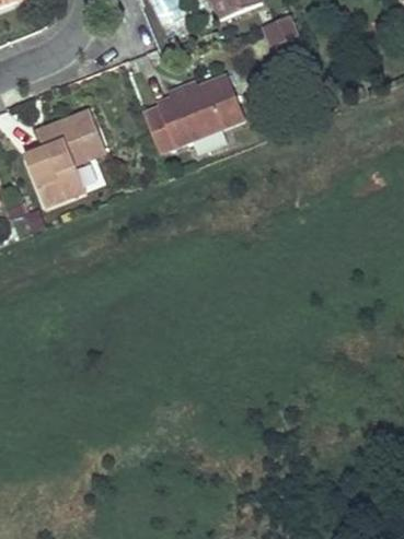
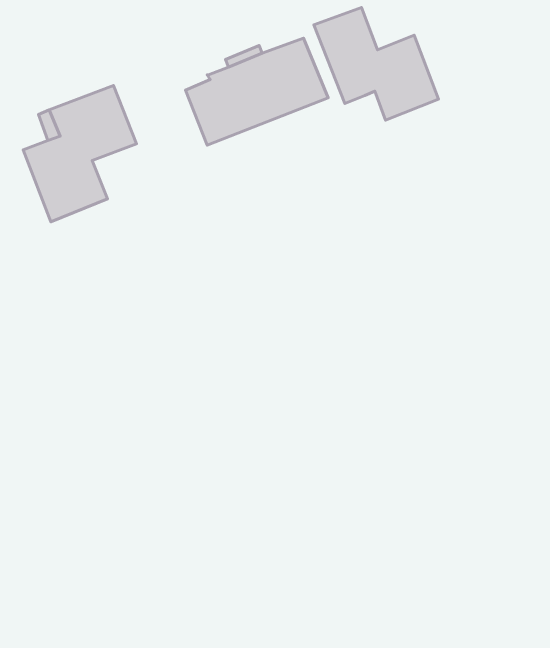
building: none -> [314,8,439,120]

